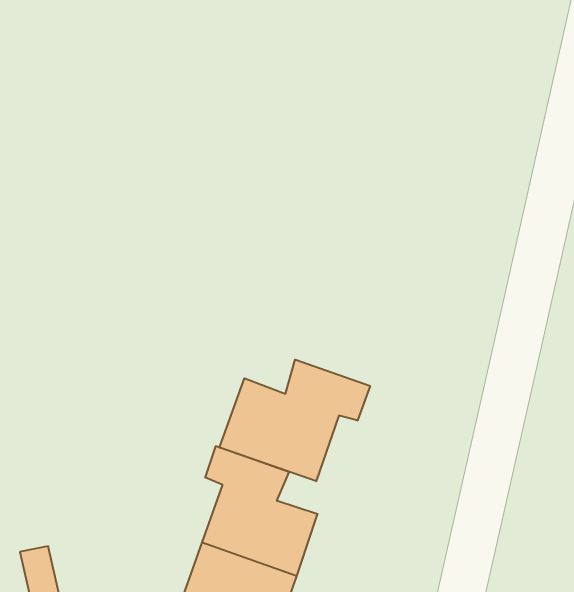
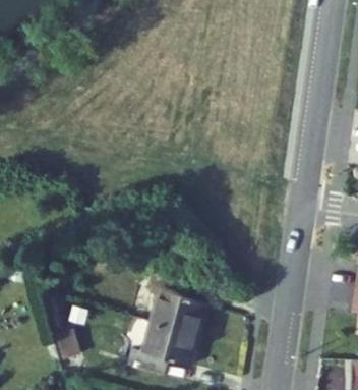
building: [219,360,370,481] -> none

